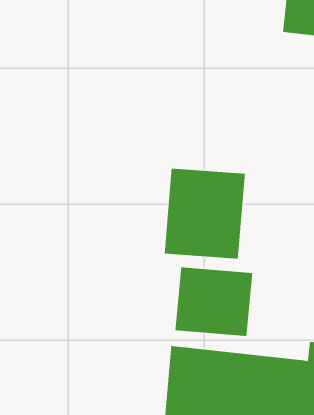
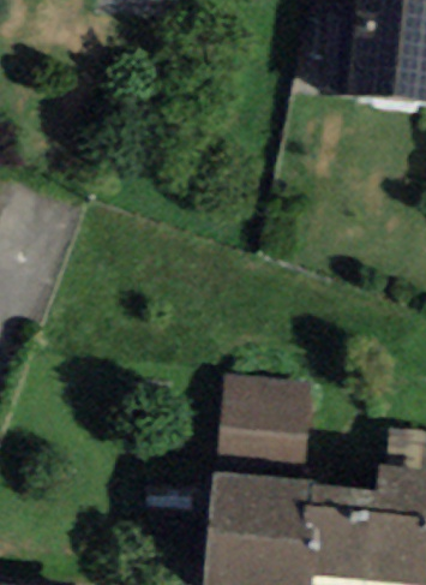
building: [164,168,245,260] -> none

